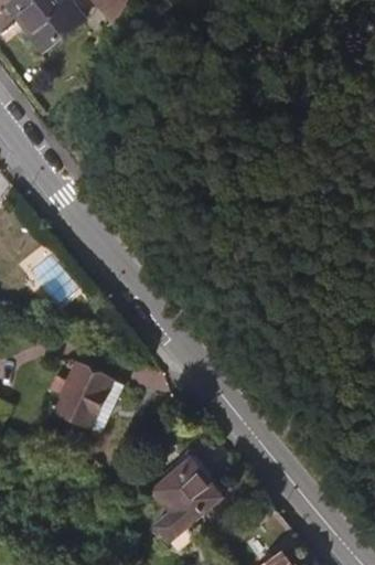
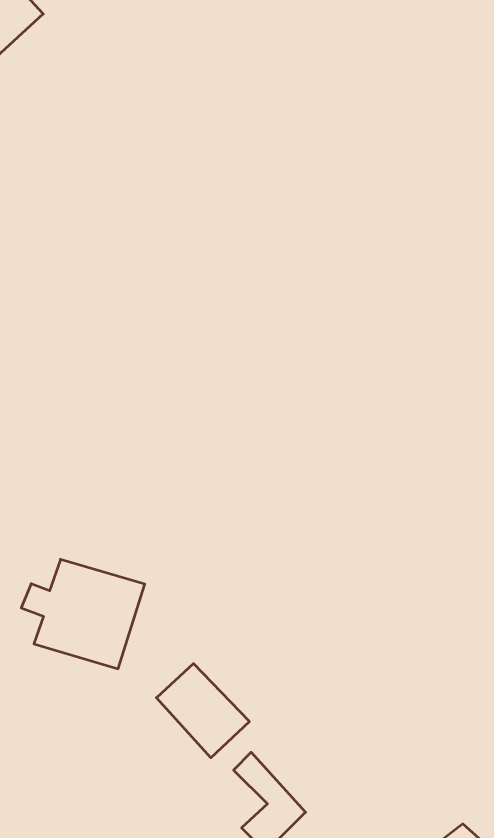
building: [170,468,226,527] -> [156,664,249,758]

